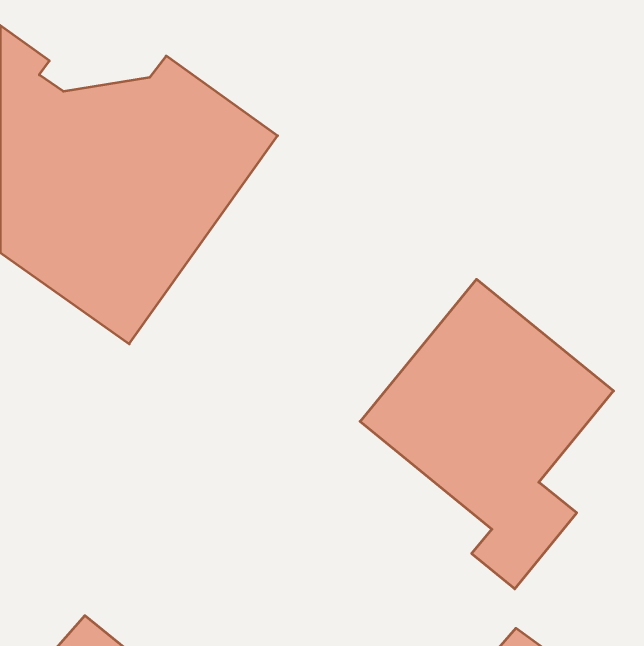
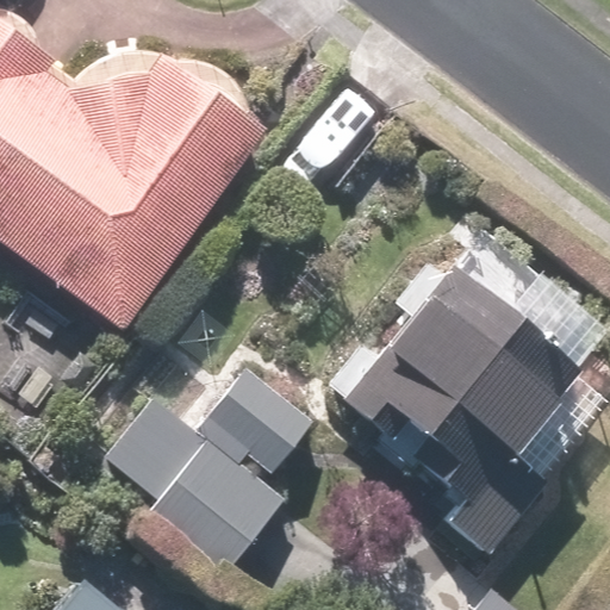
building: none -> [105,371,311,574]

